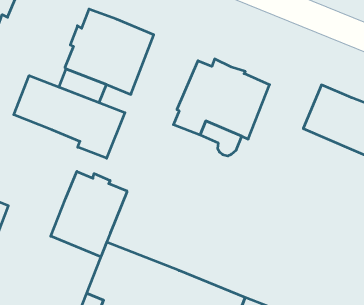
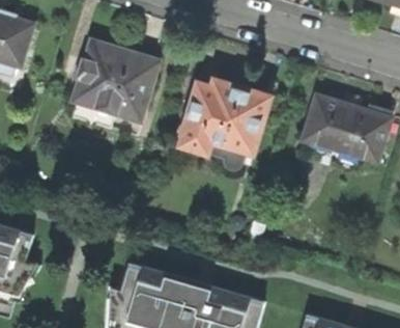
building: [14,76,125,158] -> none
building: [51,171,127,257] -> none

